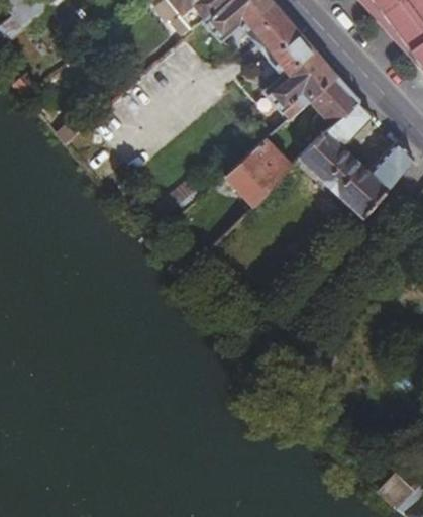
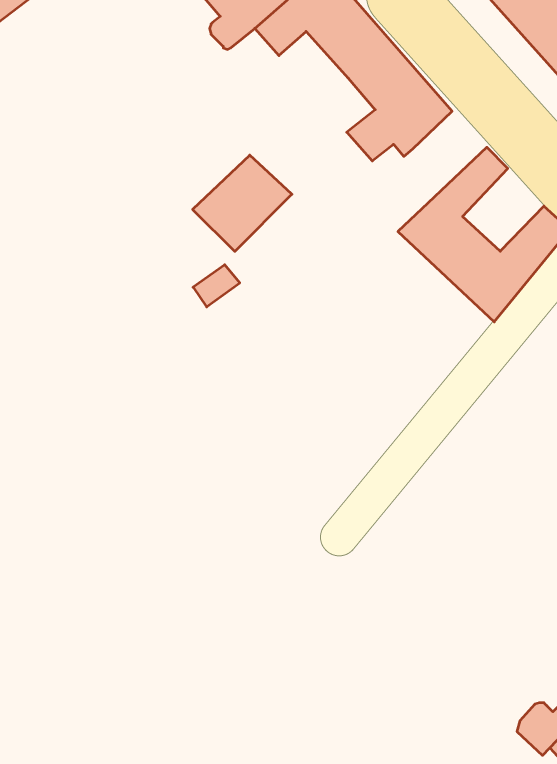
building: [311,77,360,138] -> none
building: [226,139,293,204] -> [193,155,292,251]

